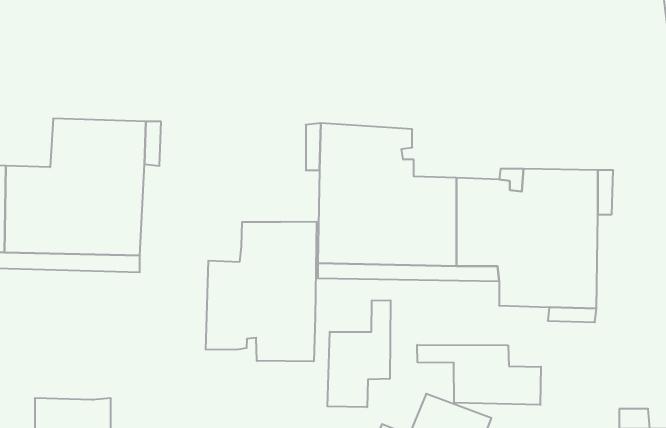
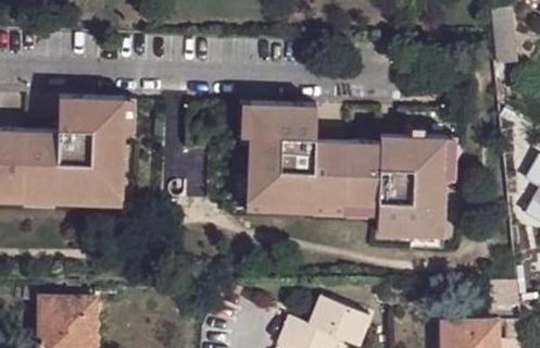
building: [206,222,317,361] -> none
building: [327,300,391,407] -> none
building: [417,345,541,405] -> none

